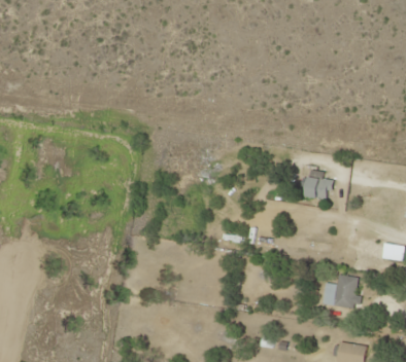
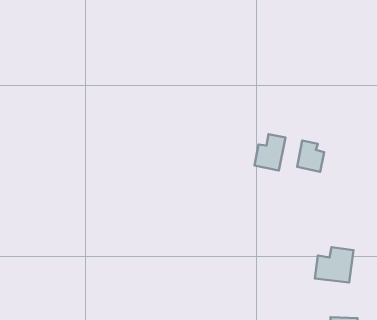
building: none -> [255,134,286,171]

